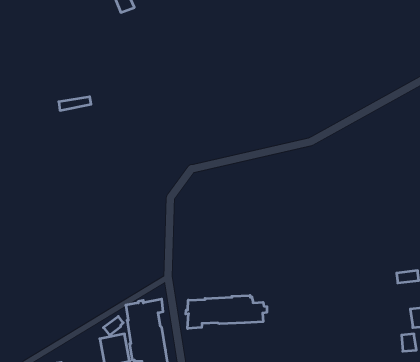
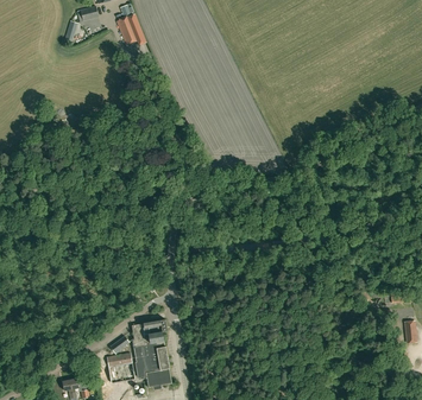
building: [186,295,267,329] -> none

